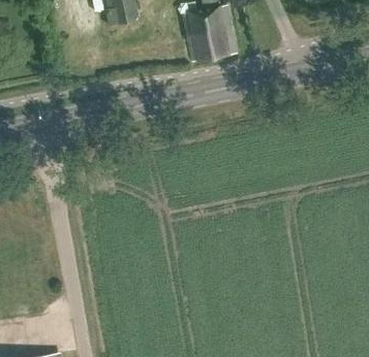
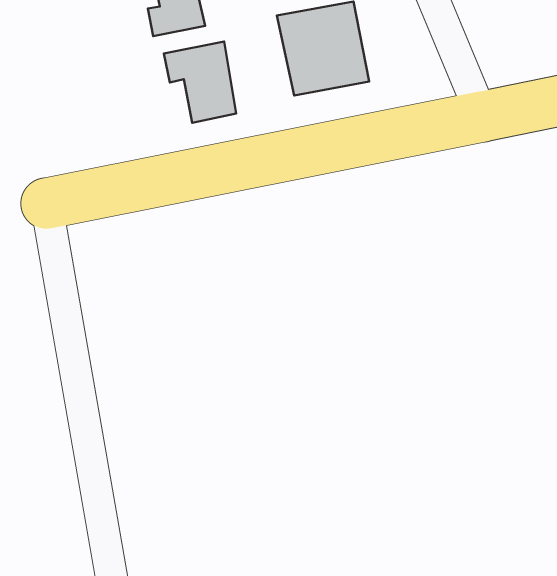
building: none -> [164,41,236,123]

